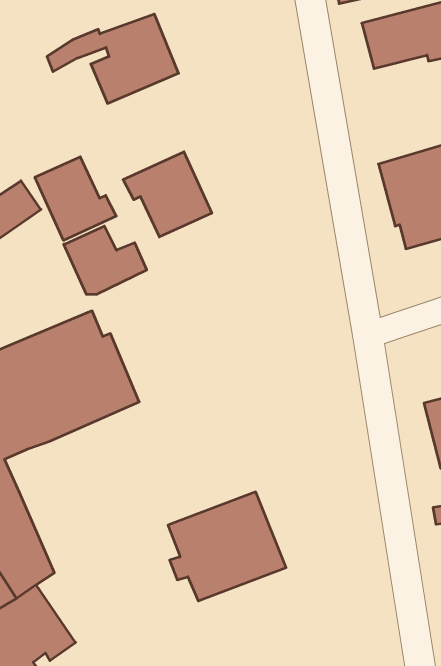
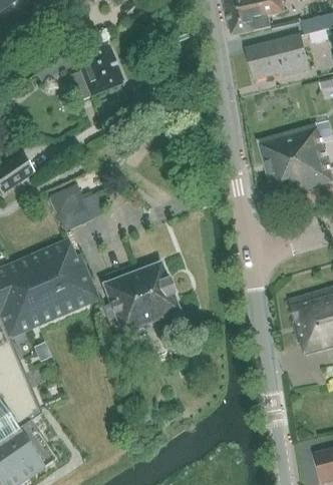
building: [123,152,212,237] -> none
building: [35,157,116,240] -> none
building: [168,492,286,601] -> [101,260,180,332]

